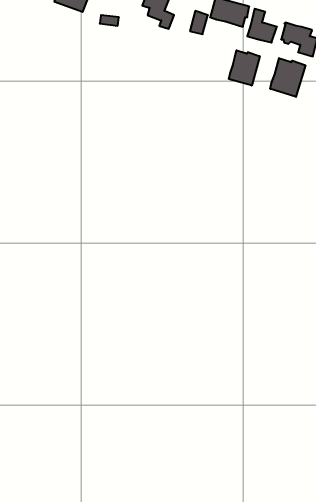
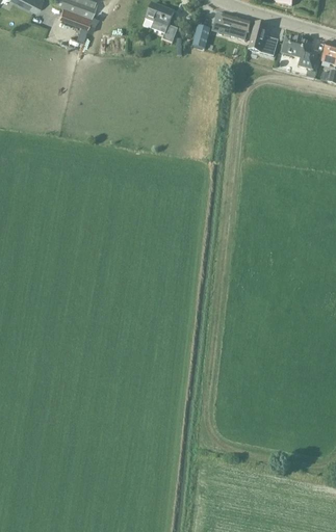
building: [229,50,260,86] -> none
building: [270,58,305,97] -> none

